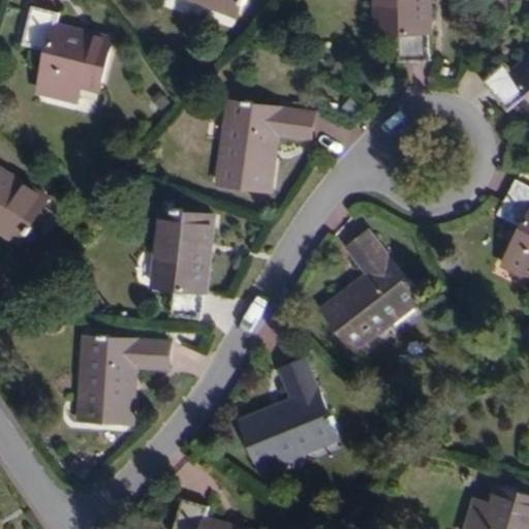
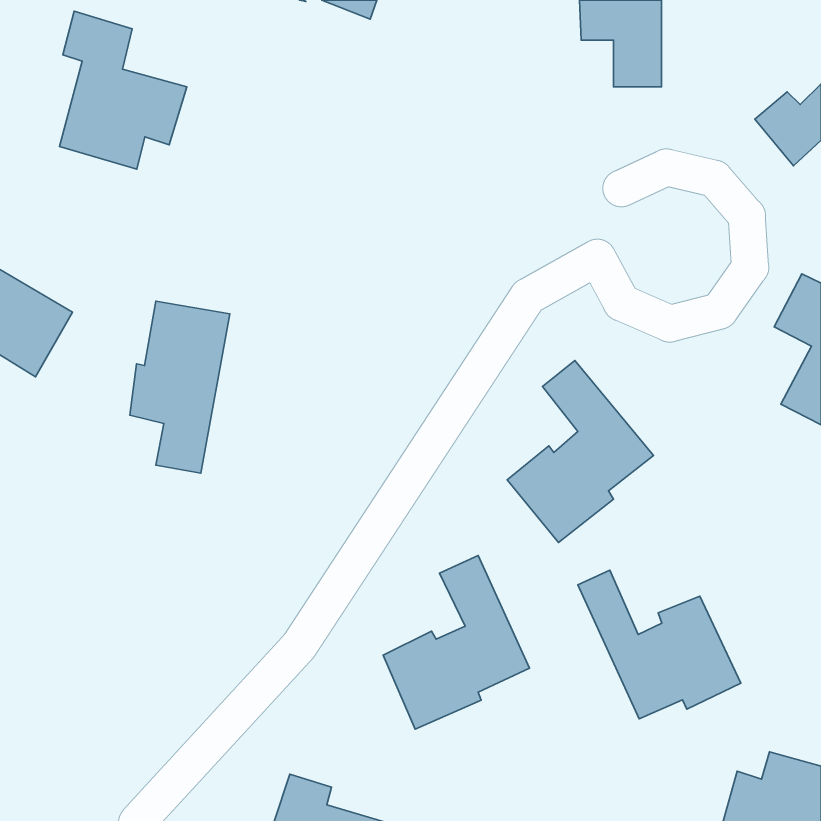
building: [214,99,311,188] -> none
building: [150,214,214,324] -> [130,301,230,473]
building: [72,339,162,426] -> none
building: none -> [578,570,741,719]

